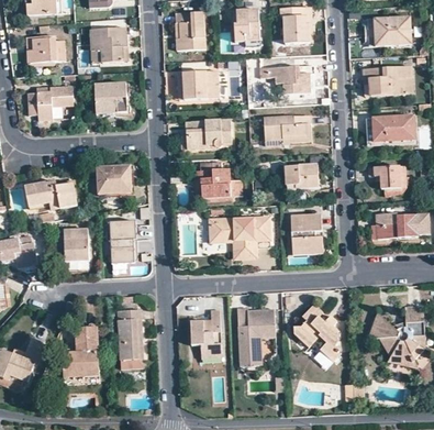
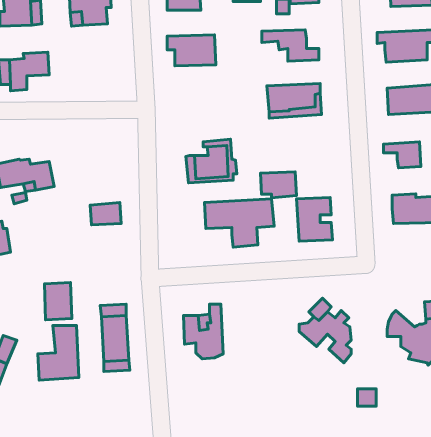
building: [94,82,126,114] -> none
building: [186,119,231,148] -> none
building: [285,164,316,187] -> [260,172,296,198]
building: [97,165,130,192] -> none
building: [64,228,88,261] -> [44,282,72,320]
building: [109,238,136,260] -> none
building: [240,307,277,366] -> none

